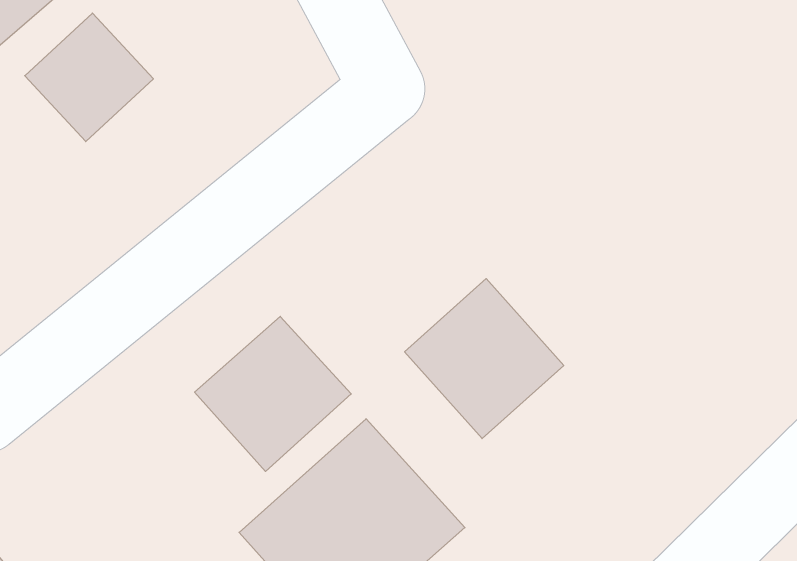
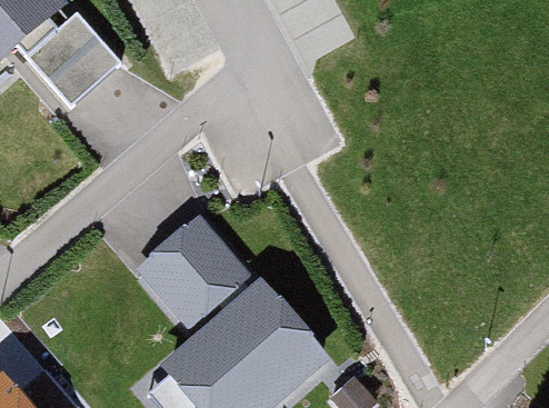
building: [405,279,564,439] -> none

